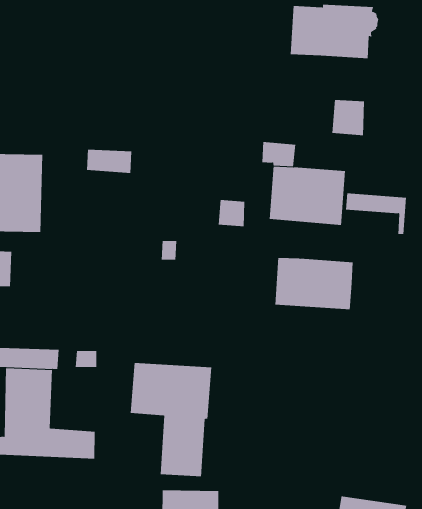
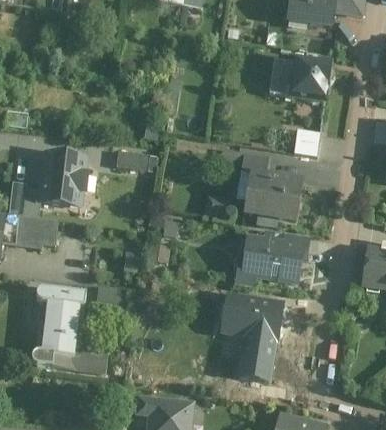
building: [345,193,407,235] -> [263,228,308,261]
building: [130,363,212,477] -> [220,294,282,380]

